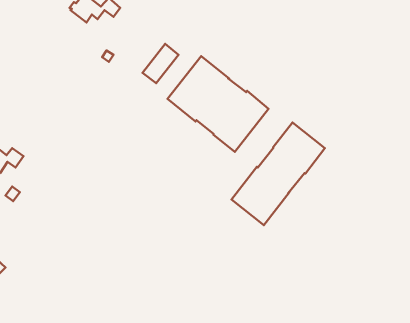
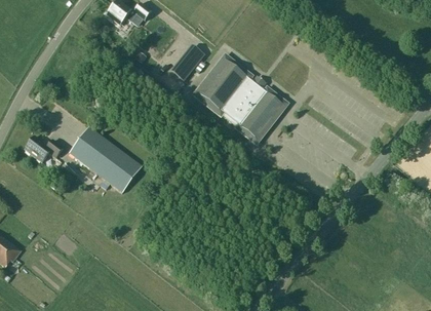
building: [231,123,325,225] -> none
building: none -> [69,126,141,192]

